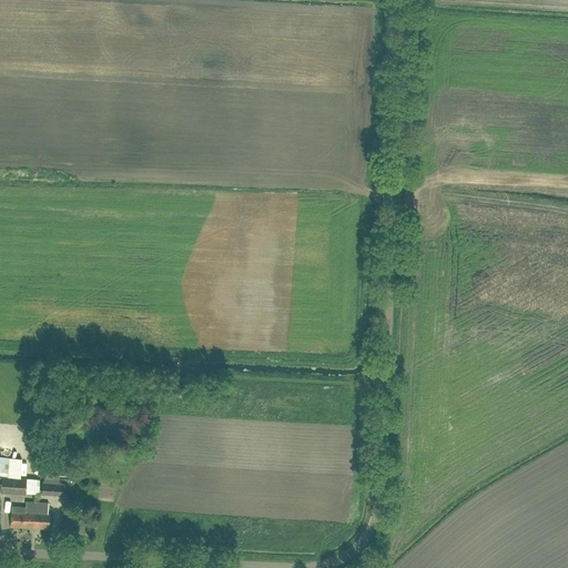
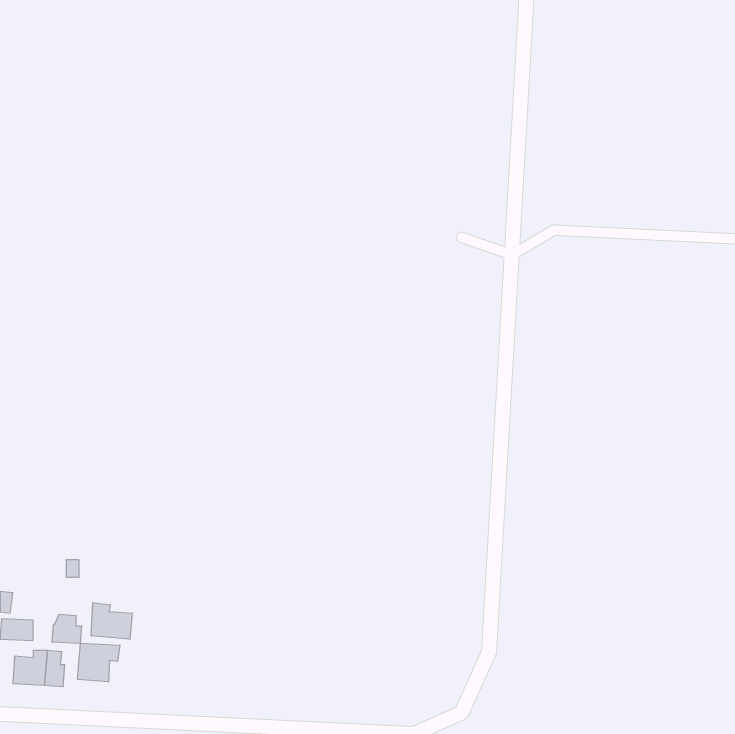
building: none -> [91,603,132,639]
building: none -> [78,643,120,682]

